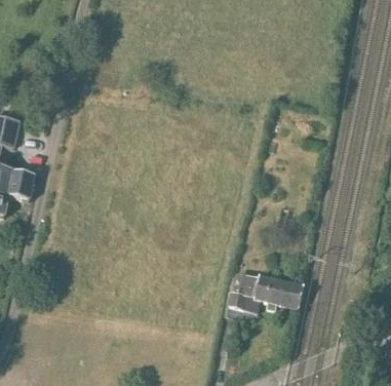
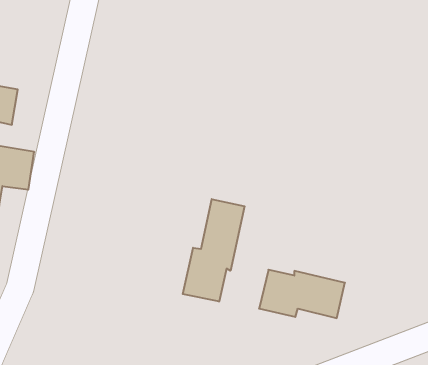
building: none -> [183,199,245,302]

